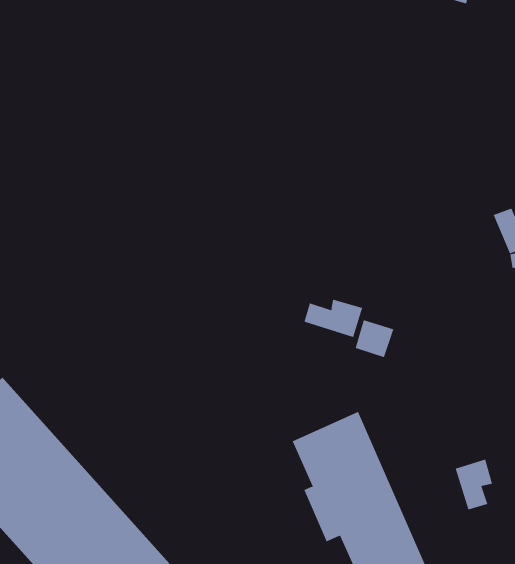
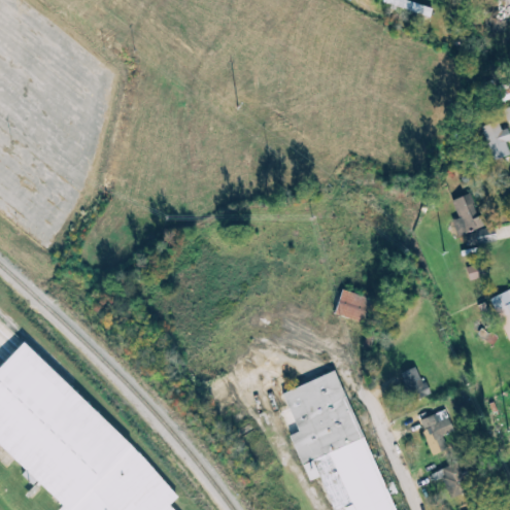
building: [304,299,363,338] -> none
building: none -> [402,366,428,400]
building: none -> [435,463,465,496]

